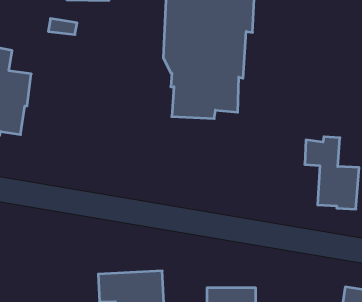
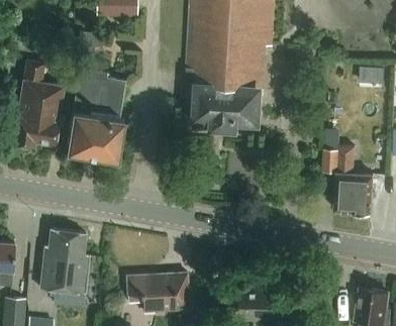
building: none -> [65,71,124,160]
building: none -> [40,229,88,293]

